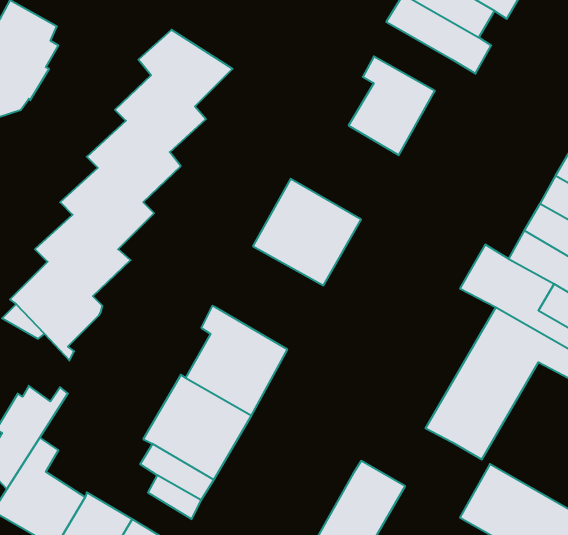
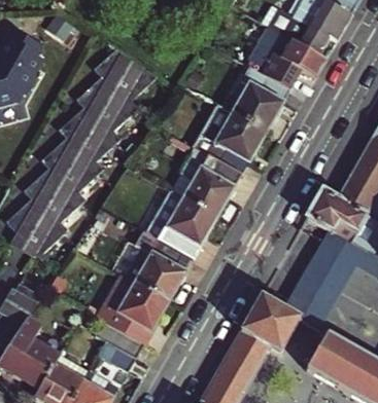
building: none -> [248,42,301,87]
building: none -> [193,101,266,172]
building: none -> [145,188,216,257]
building: none -> [241,296,301,353]

